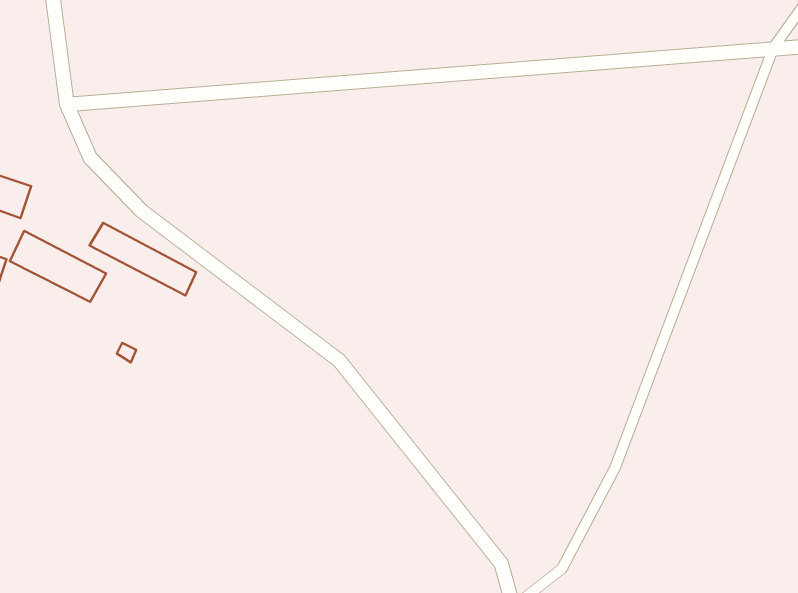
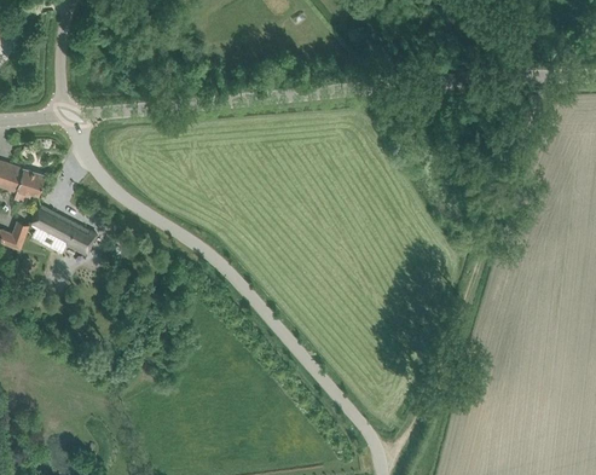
building: [90,223,196,295] -> none

